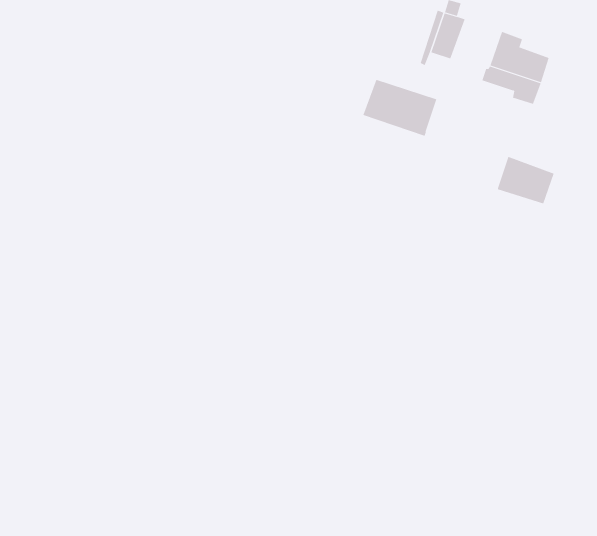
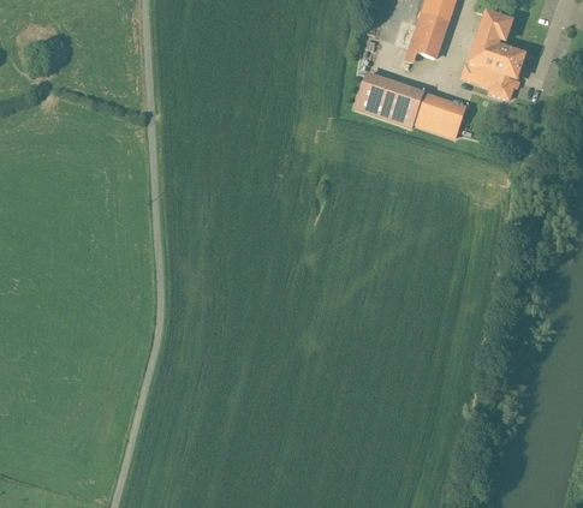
building: none -> [481,12,512,38]
building: [497,156,554,204] -> [414,91,465,135]

